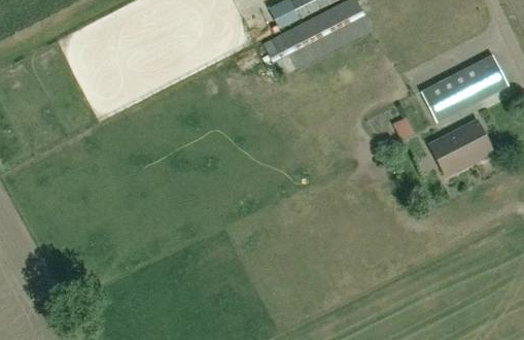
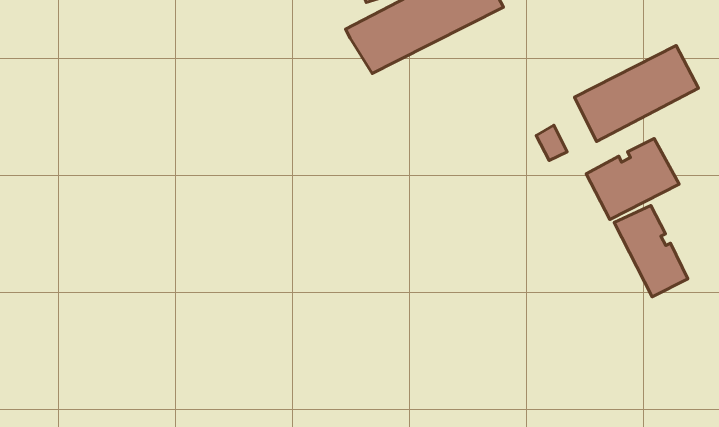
building: none -> [614,206,688,297]

